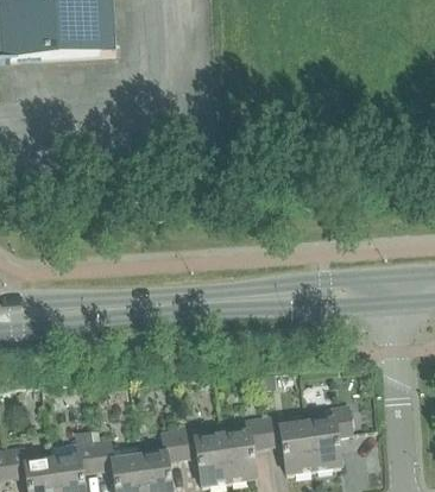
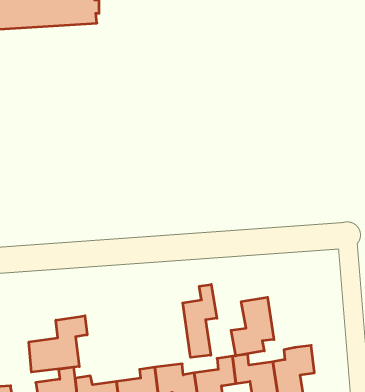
building: none -> [183,284,217,357]
building: none -> [231,297,274,356]
building: none -> [29,316,87,372]

